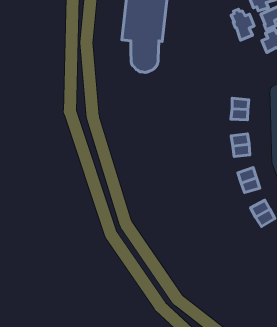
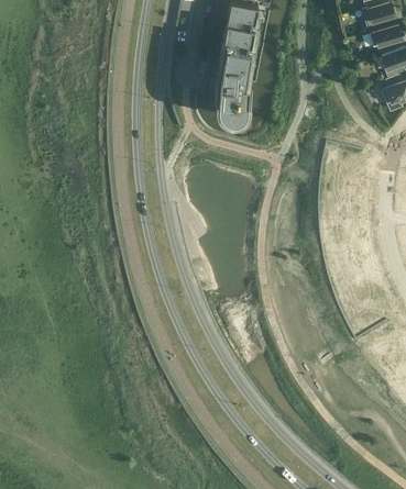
building: [231,9,254,40] -> none

